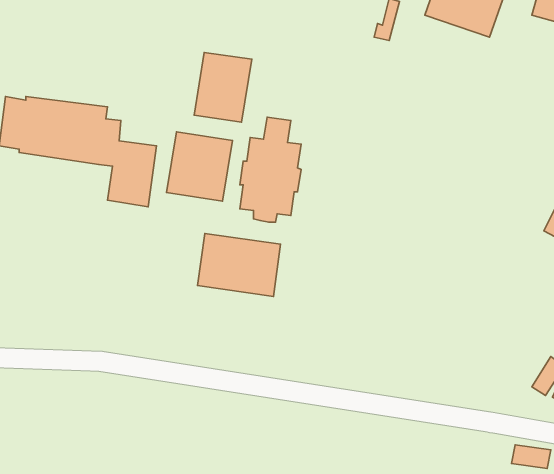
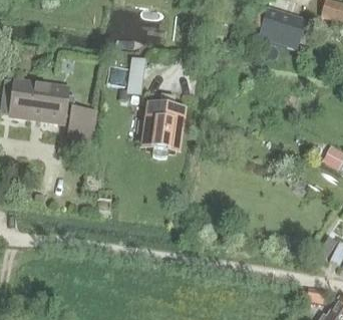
building: [167,132,232,201] -> none
building: [198,233,281,296] -> none

